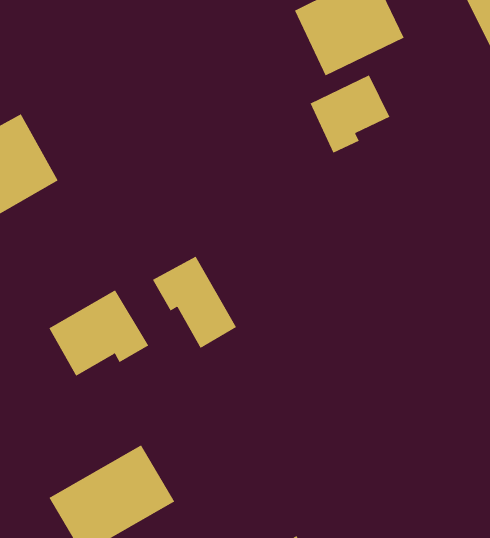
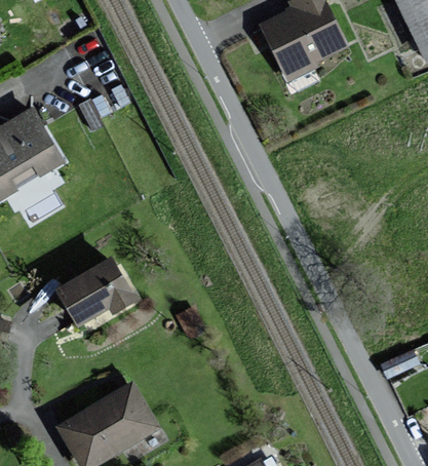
building: [310,75,390,154] -> none
building: [152,256,237,349] -> none

